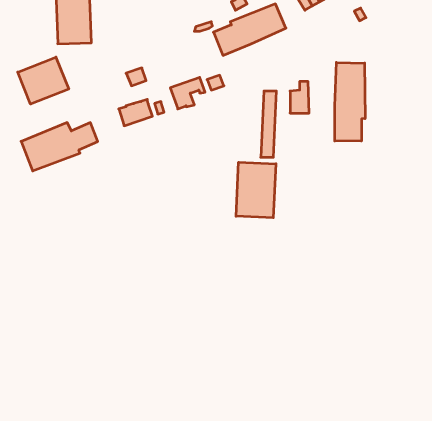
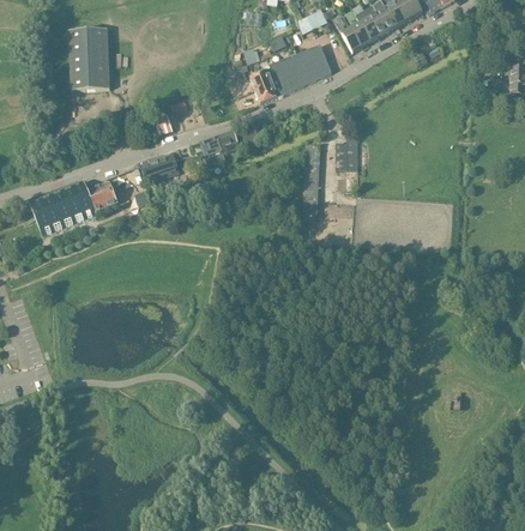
building: [18,57,69,104] -> none
building: [335,62,365,141] -> none
building: [236,162,276,218] -> none

